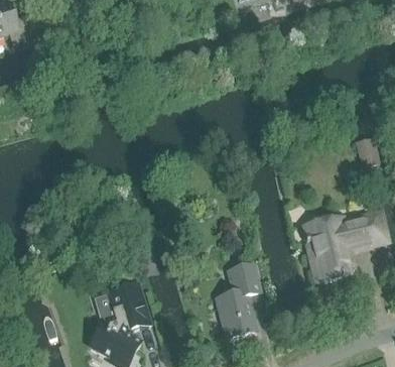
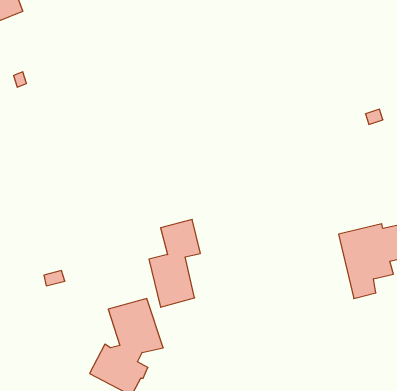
building: [218,264,262,340] -> [149,220,200,307]

